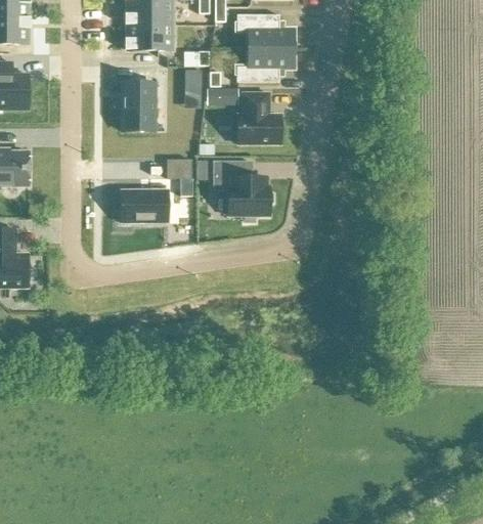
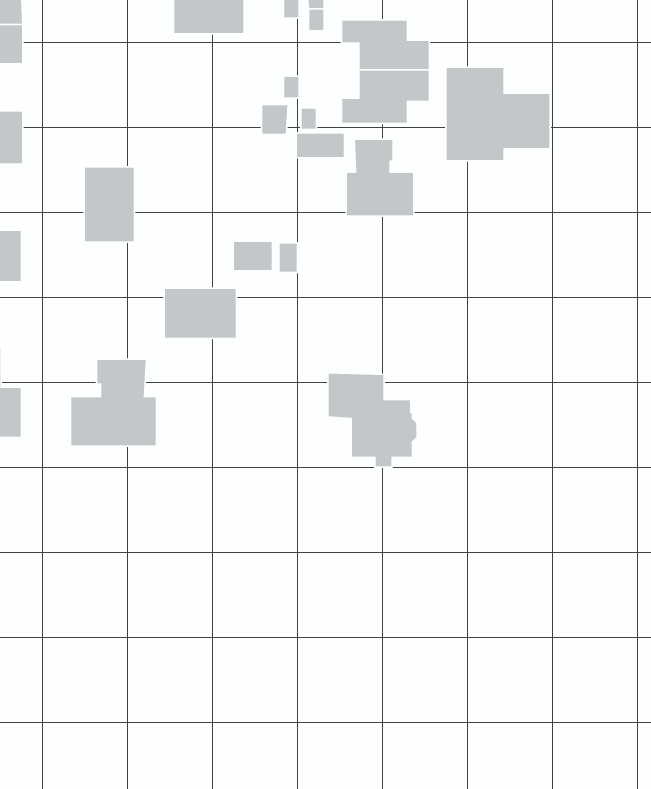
building: [126,24,172,49] -> none
building: none -> [446,67,550,161]
building: [121,82,153,131] -> [84,167,135,242]
building: [212,160,270,221] -> [328,373,417,467]
building: none -> [71,359,157,446]

